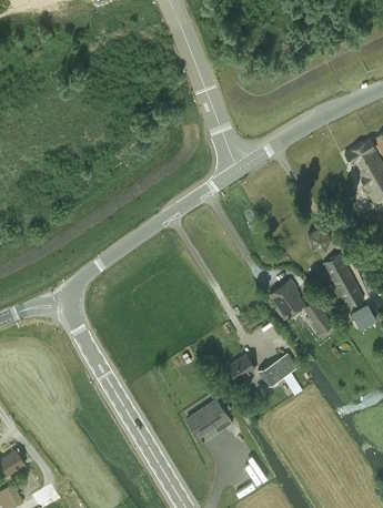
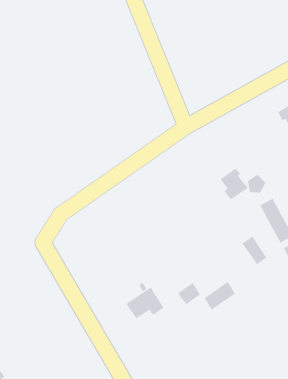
building: [271,282,304,319] -> [220,168,248,200]
building: [187,399,232,437] -> [126,287,164,319]

